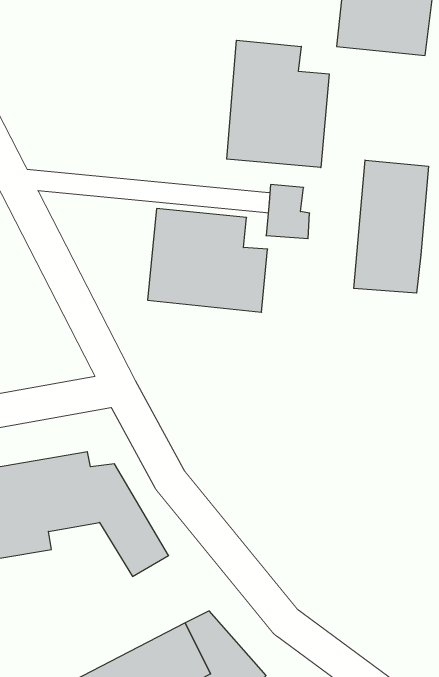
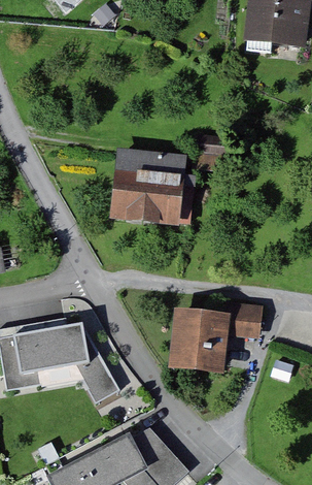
building: [227,40,329,168] -> none
building: [354,160,428,293] -> none
building: none -> [164,302,256,373]

